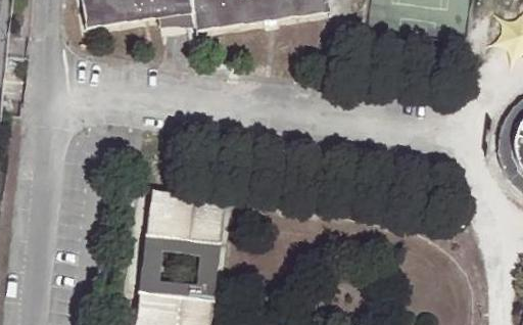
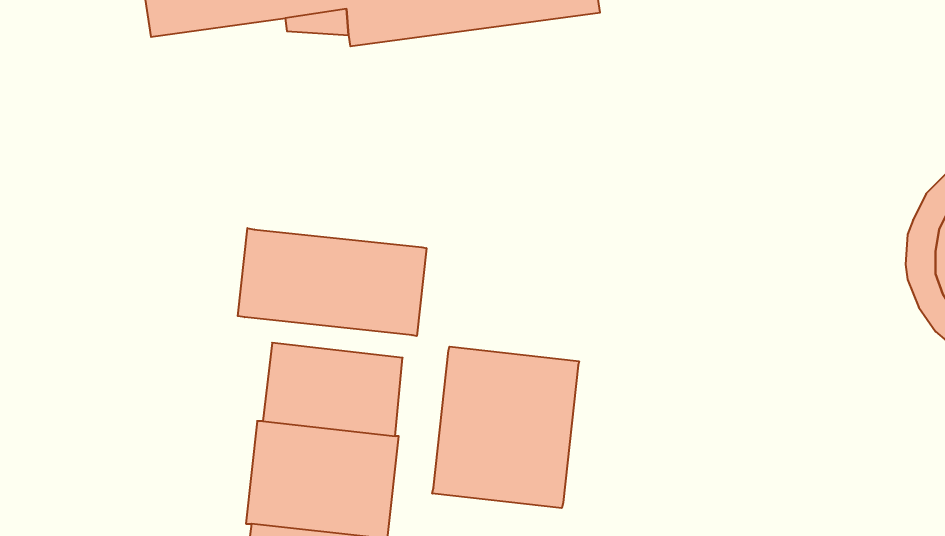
building: none -> [238,228,426,336]
building: none -> [432,347,579,508]

